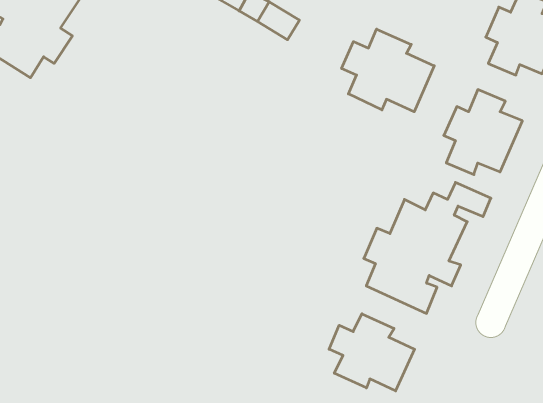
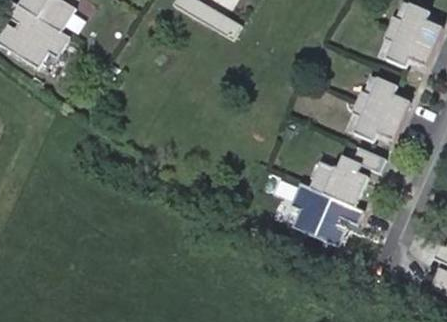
building: [342,29,434,112] -> none
building: [329,314,415,391] -> none

